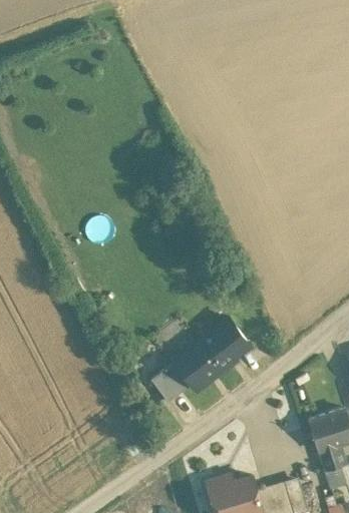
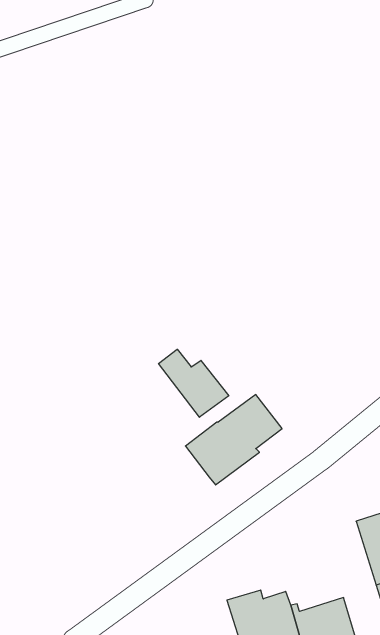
building: none -> [159,349,229,417]
building: [151,363,192,404] -> none

